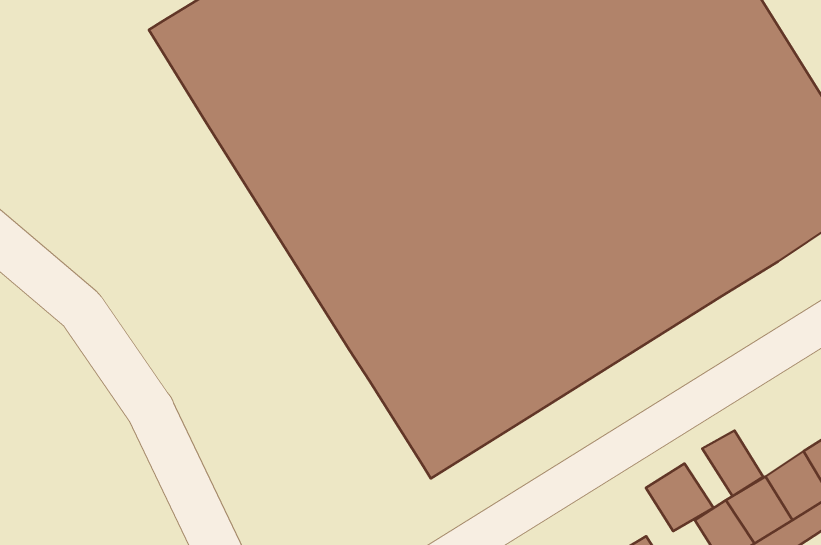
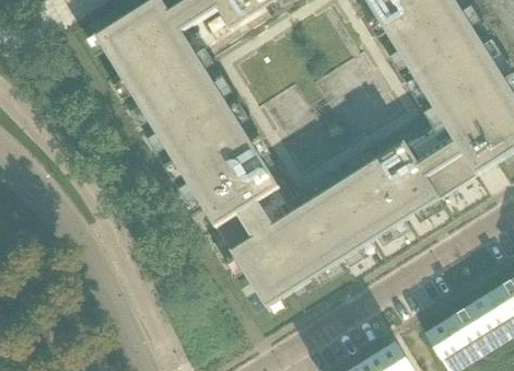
building: [702,430,763,496] -> none
building: [646,463,714,531] -> none

